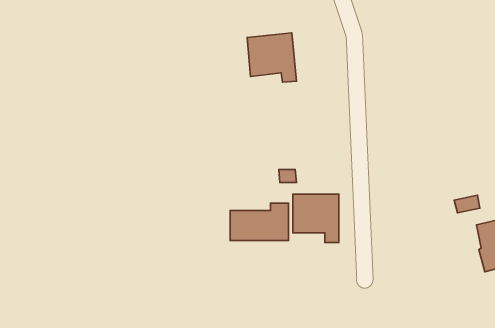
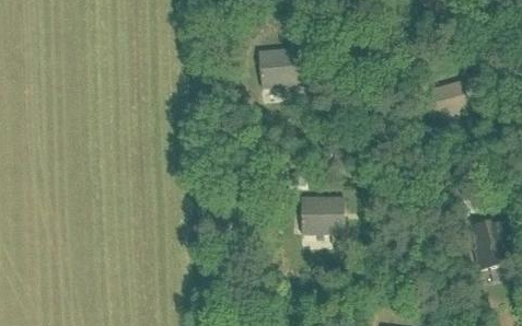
building: none -> [428,80,468,114]
building: [230,203,289,240] -> none

